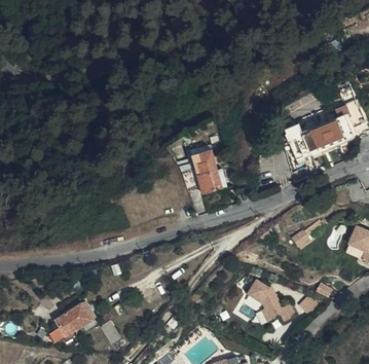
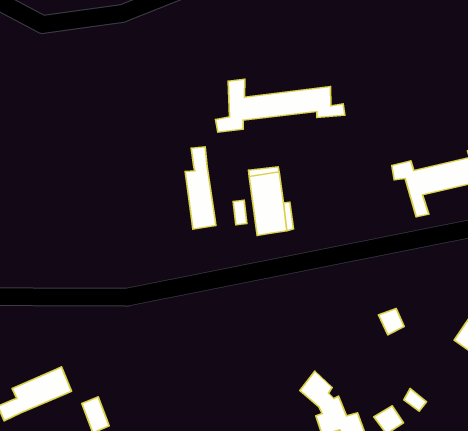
building: none -> [215,79,345,132]
building: none -> [185,147,216,229]

